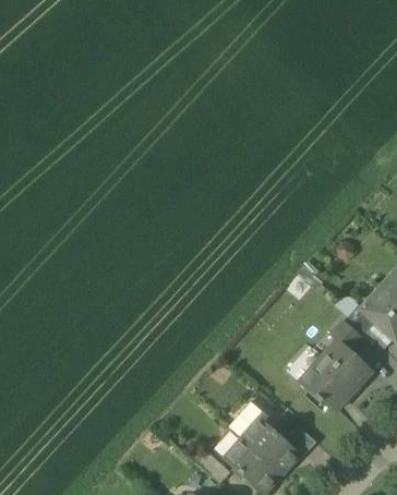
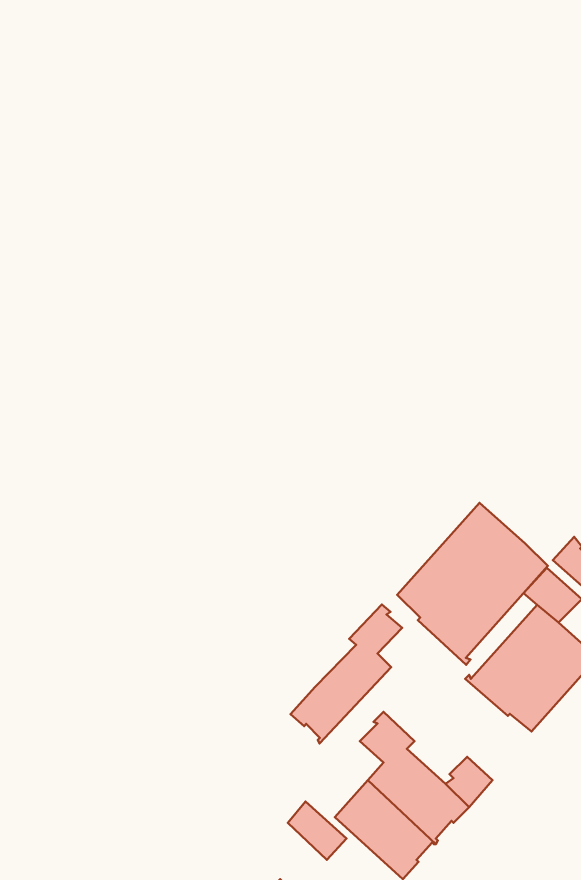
building: none -> [397,503,548,665]
building: none -> [290,604,402,743]

